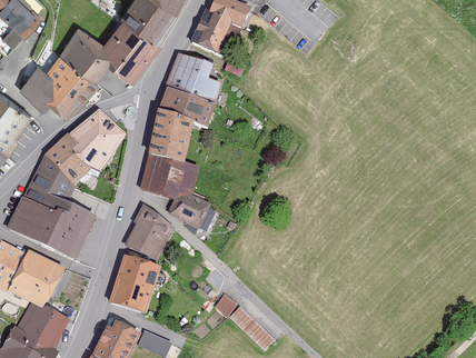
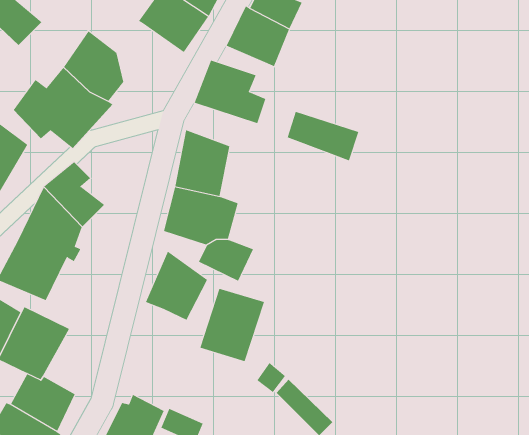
building: [102,22,160,86] -> none
building: [157,86,215,126] -> [287,111,359,161]
building: [68,108,126,170] -> none
building: [46,202,96,259] -> none
building: [108,253,160,312] -> [199,288,265,362]

